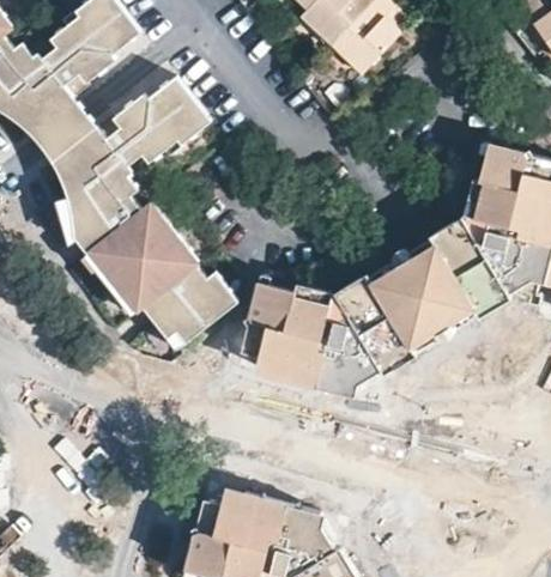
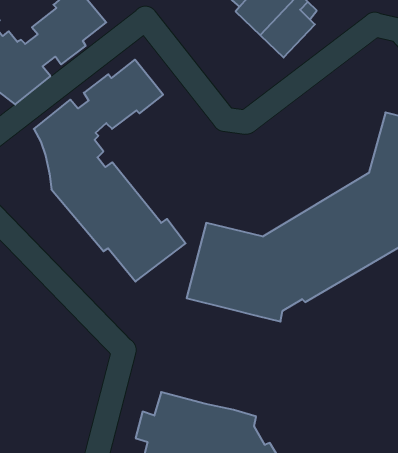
building: [30,97,97,162] -> none

